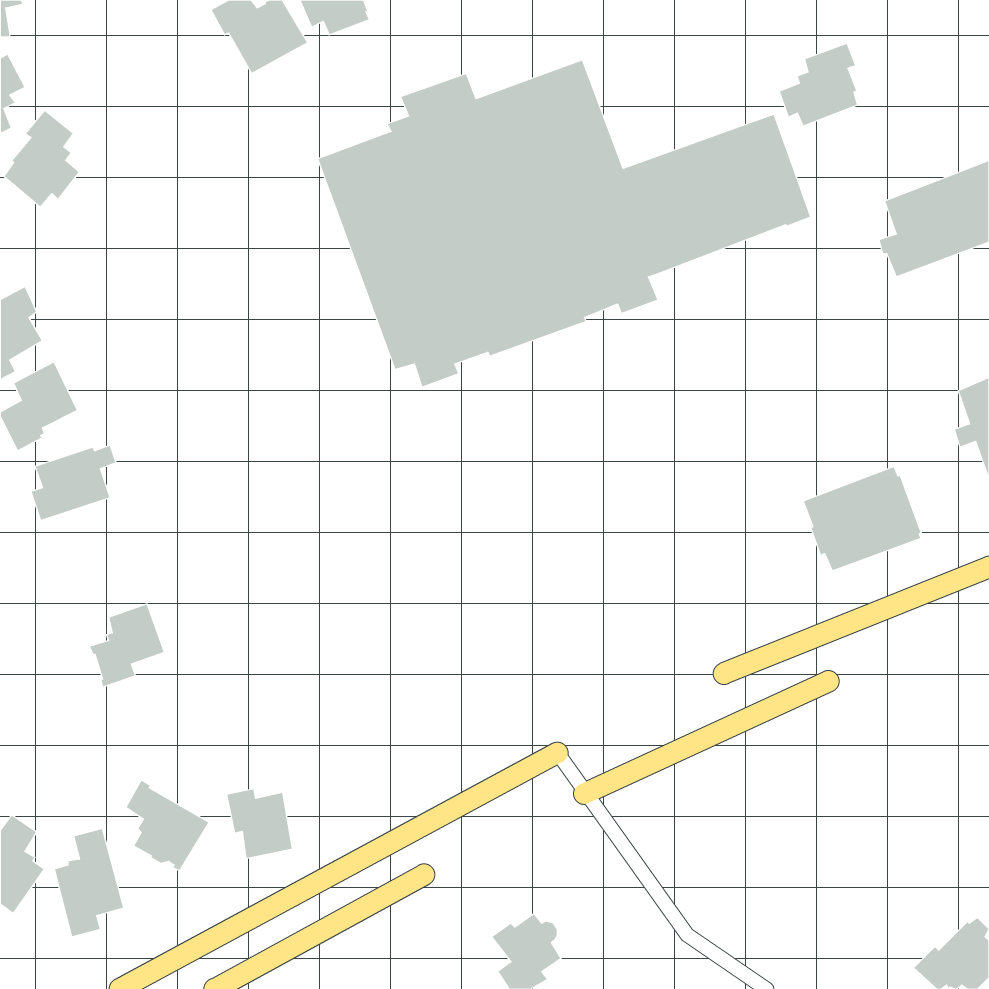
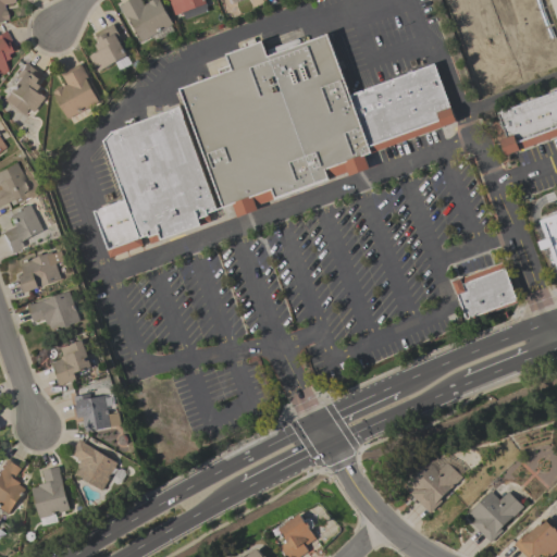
building: none -> [88,24,127,72]
building: [779,43,858,126] -> none
building: none -> [52,63,98,119]
building: none -> [94,107,216,258]
building: none -> [27,290,81,331]
building: [227,789,292,858] -> [74,393,111,432]
building: none -> [408,462,461,512]
building: none -> [469,491,523,542]

